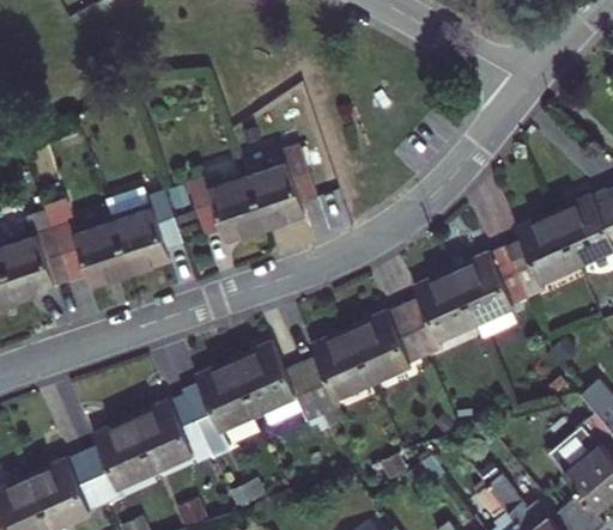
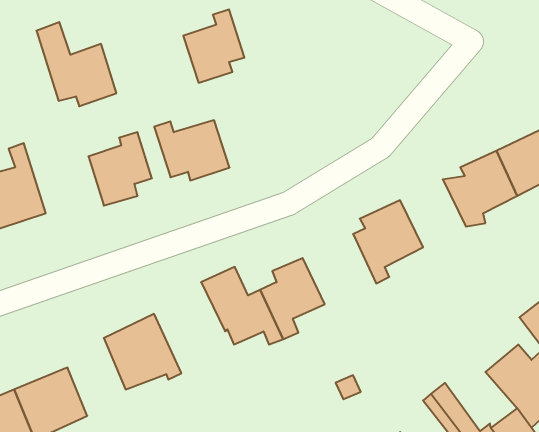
building: [250,152,317,232] -> [183,9,244,83]
building: [42,196,129,288] -> [36,22,116,106]
building: [454,245,526,319] -> none
building: [347,305,427,382] -> none
building: [184,358,262,457] -> none
building: [90,419,153,504] -> none

